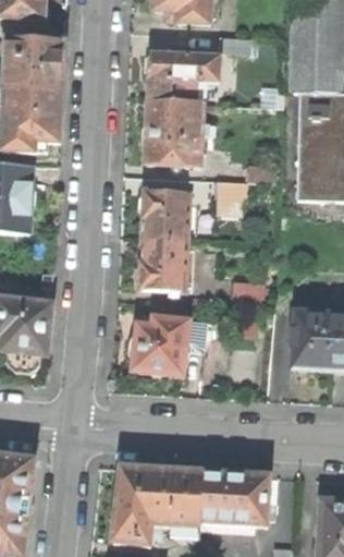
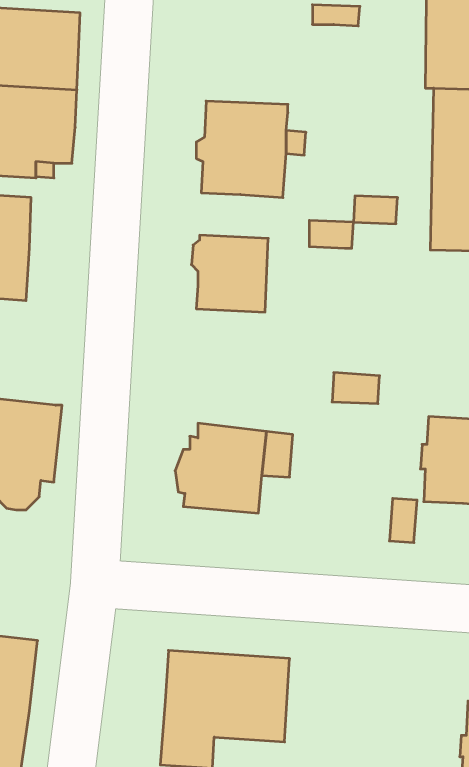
building: [147,44,218,101] -> none
building: [134,238,186,288] -> none
building: [198,471,269,531] -> none

